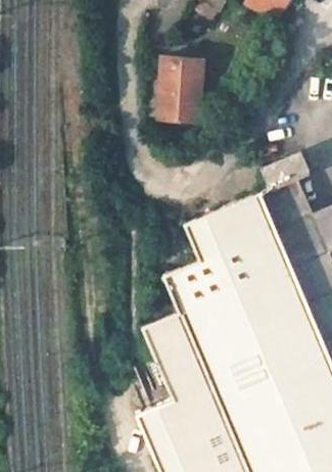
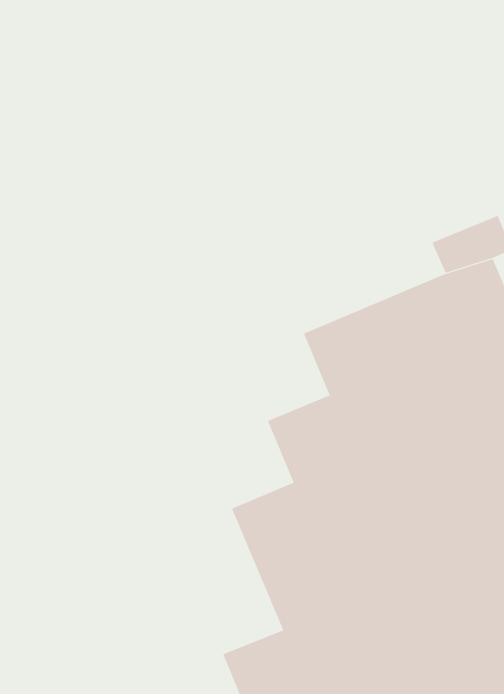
building: [158,56,202,121] -> none

